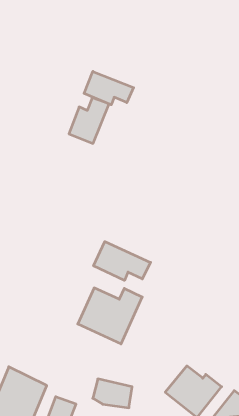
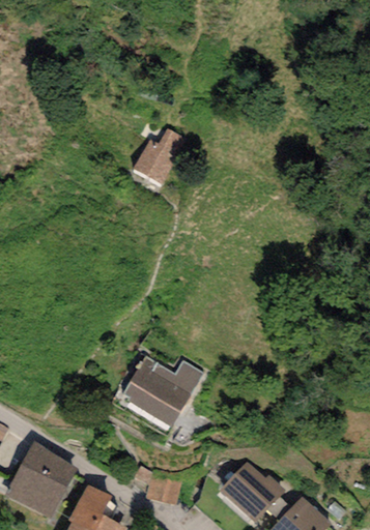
building: [84,71,134,105] -> none
building: [94,242,151,280] -> none

